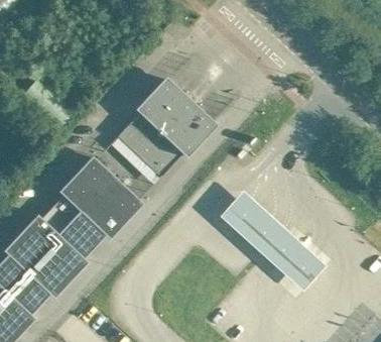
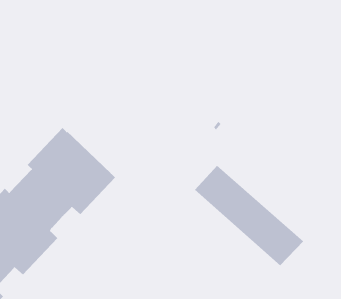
building: [118,77,218,178] -> none

